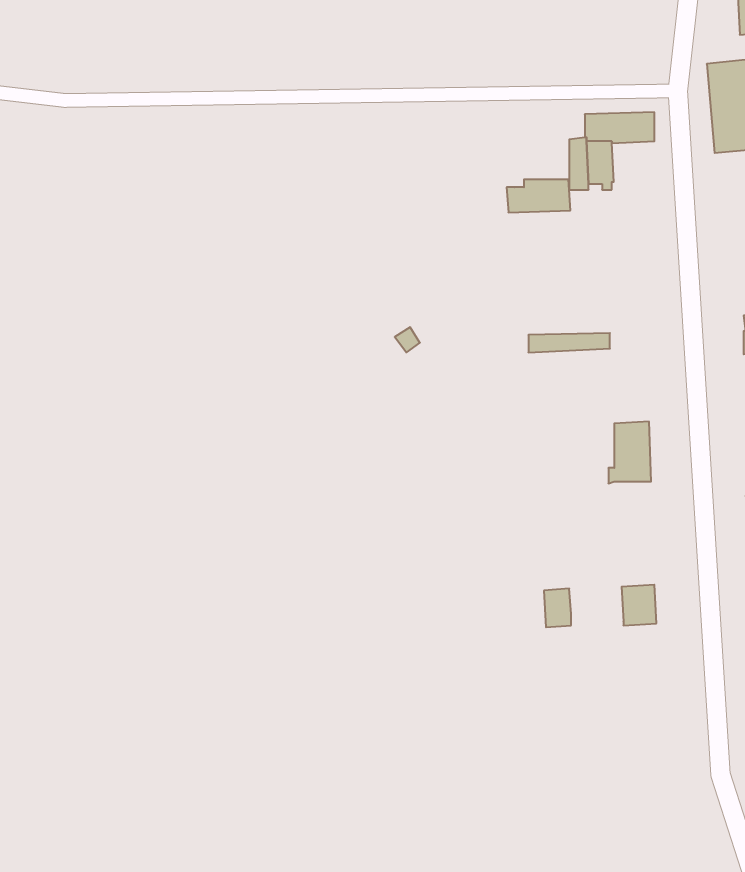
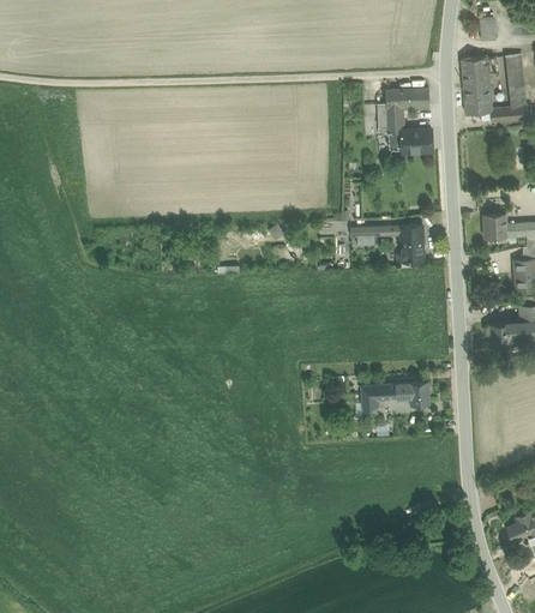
building: [507,179,570,212] -> [391,132,431,152]
building: [608,422,651,483] -> [397,224,423,263]
building: none -> [375,383,409,405]

